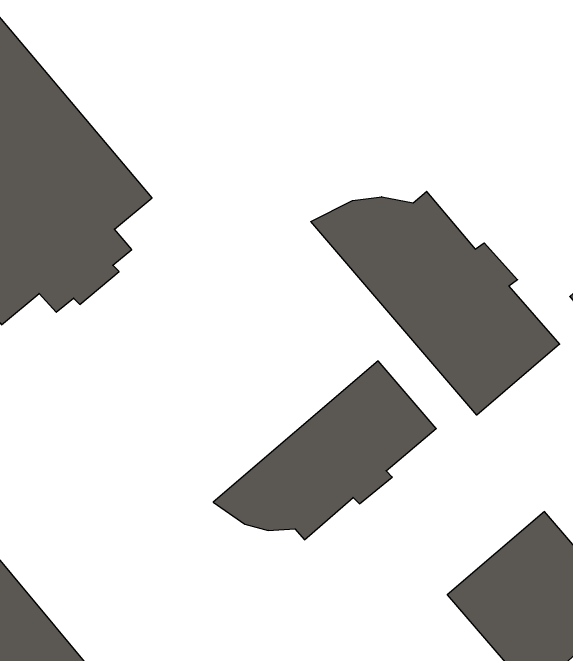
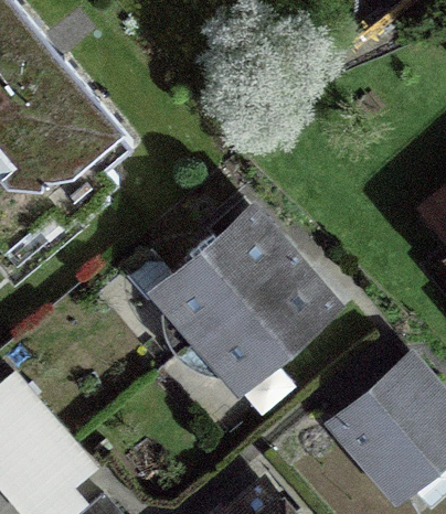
building: [311,191,560,415] -> none
building: none -> [159,210,291,356]

